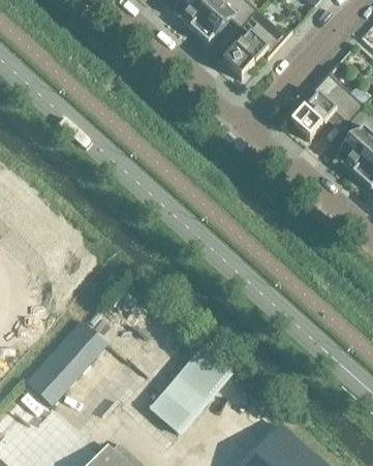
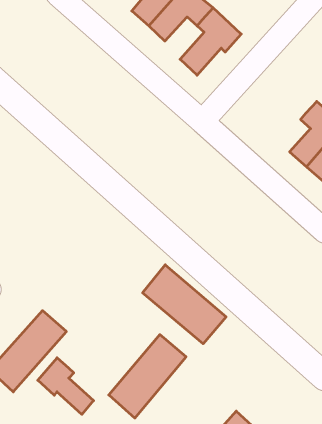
building: [291,73,364,139] -> none
building: none -> [143,265,226,344]
building: none -> [38,358,94,414]

